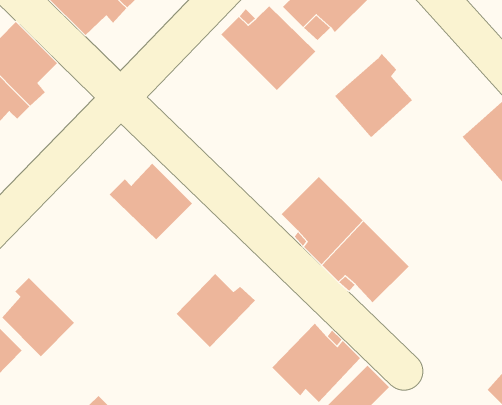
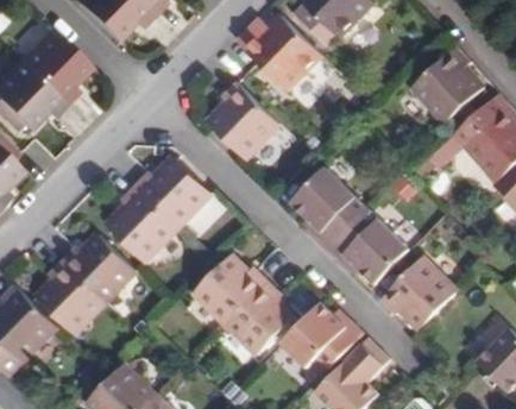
building: [334,53,413,138] -> [414,46,485,124]
building: none -> [207,83,279,159]
building: none -> [108,185,178,260]
building: none -> [63,233,137,302]
building: none -> [379,259,457,331]
building: none -> [227,282,294,355]

